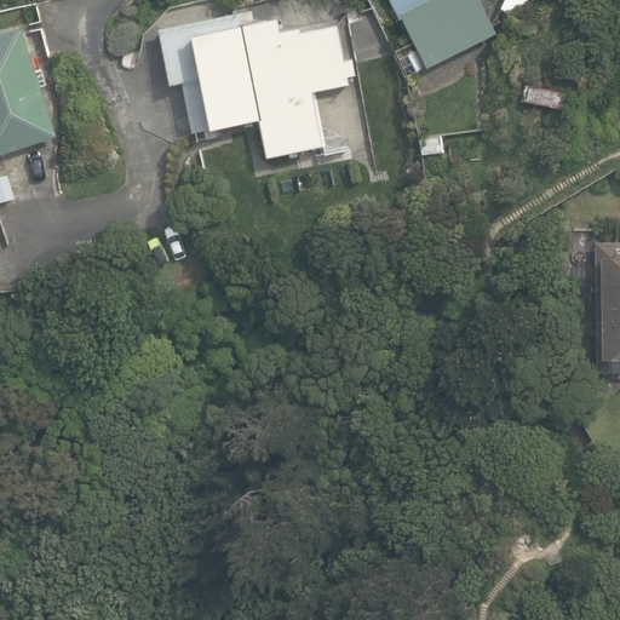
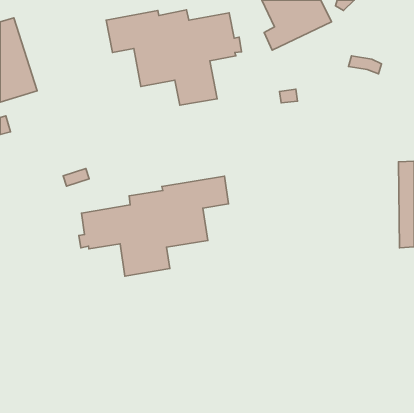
building: none -> [79,176,228,276]

